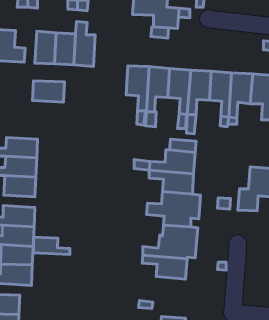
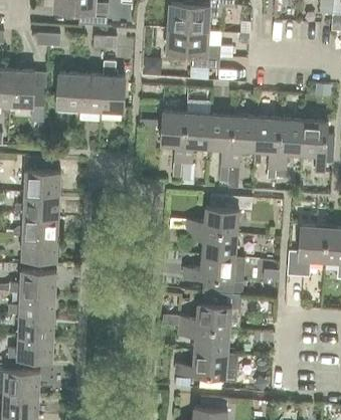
building: [33,81,64,102] -> [24,170,60,194]
building: [33,237,70,255] -> none
building: none -> [175,350,236,381]

